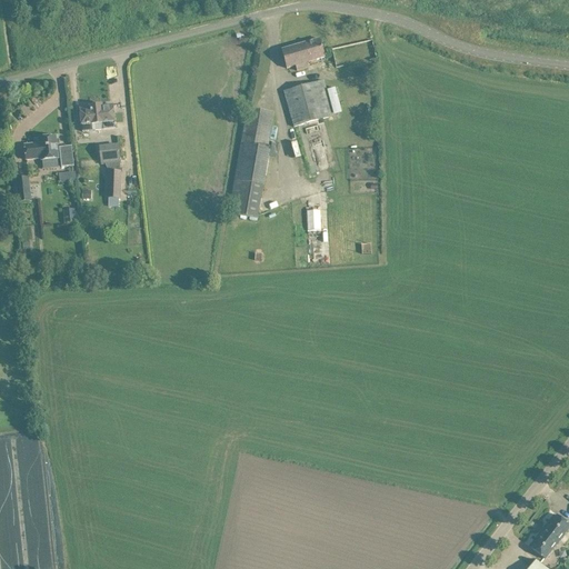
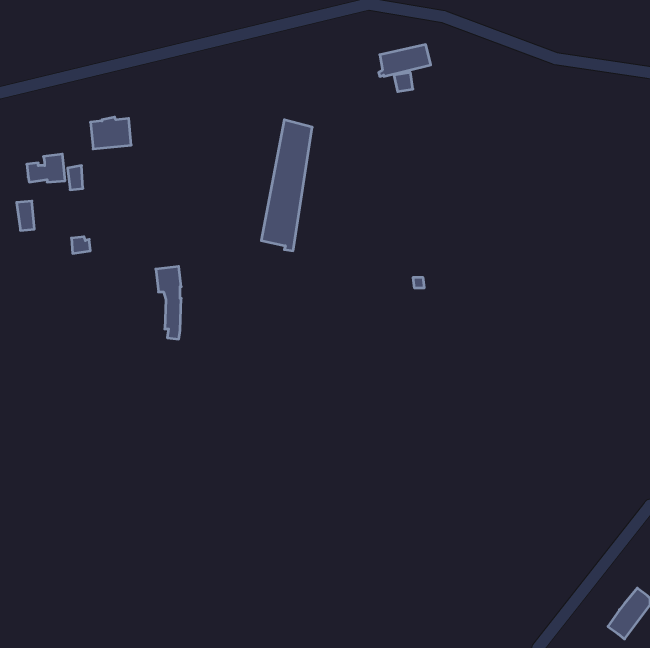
building: [280,37,325,69] -> none
building: [283,79,332,126] -> none
building: [98,141,120,204] -> [156,266,181,339]

